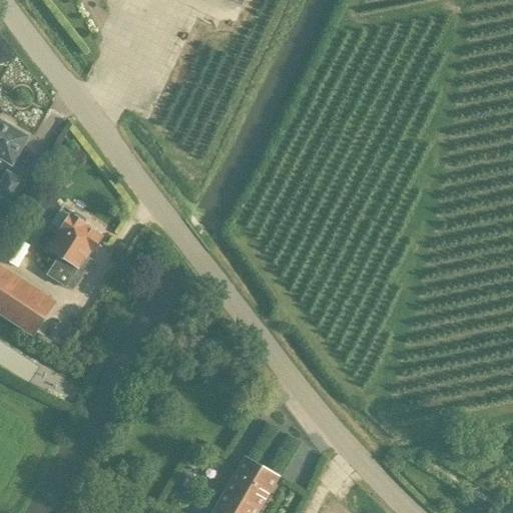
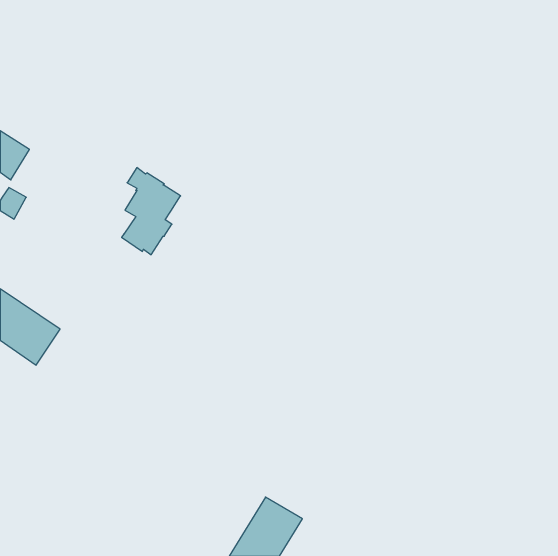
building: [46,209,100,290] -> [122,168,181,255]

